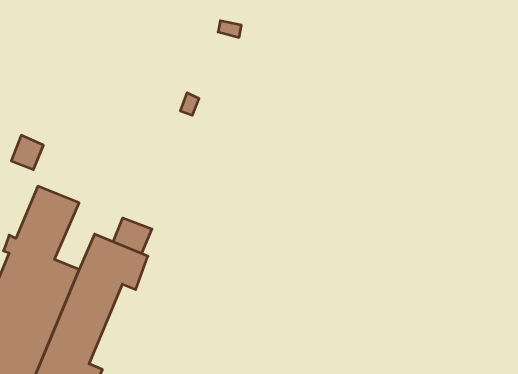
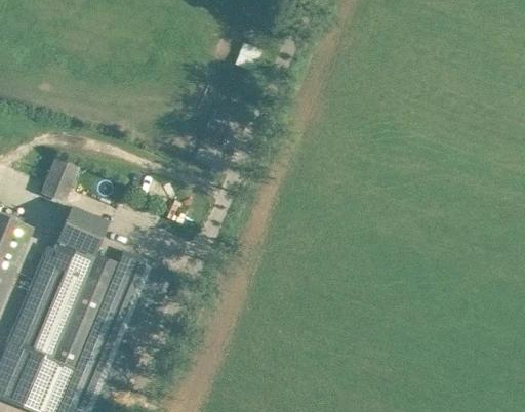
building: [113,218,152,253] -> none

